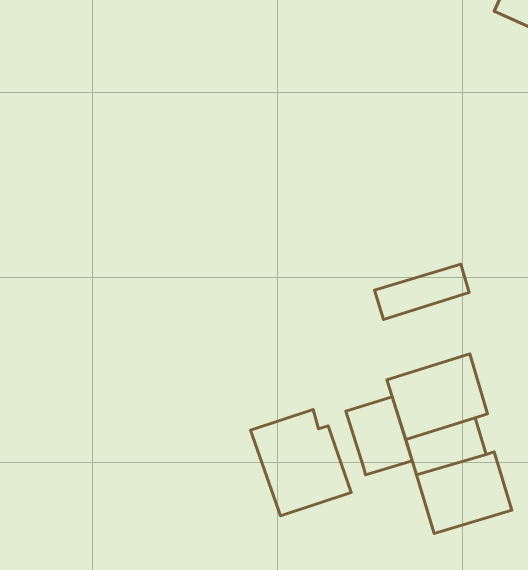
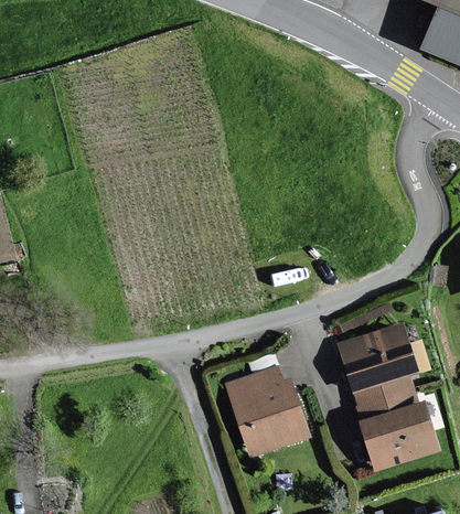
building: [374,264,469,319] -> none
building: [346,397,412,475] -> none

